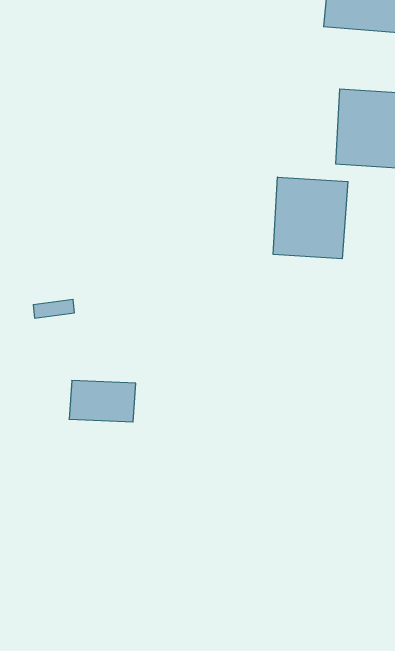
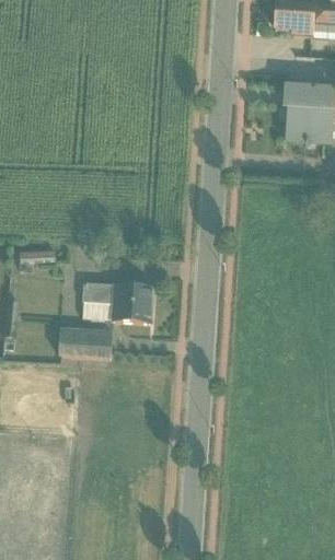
building: [273,177,348,259] -> none
building: none -> [82,280,152,323]

